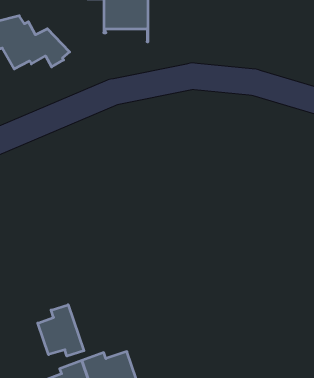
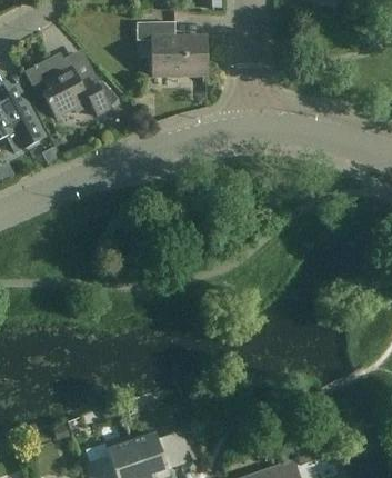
building: [38,305,84,356] -> none

